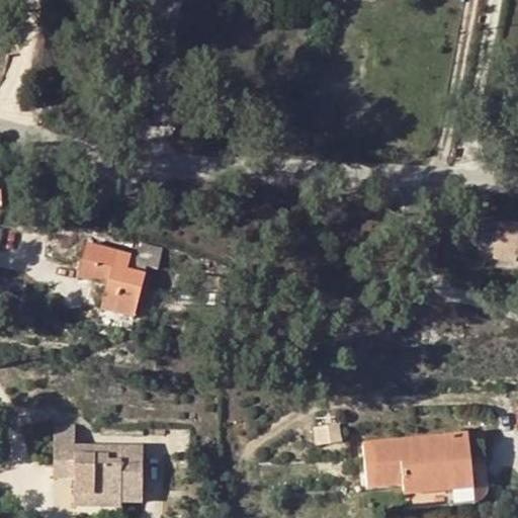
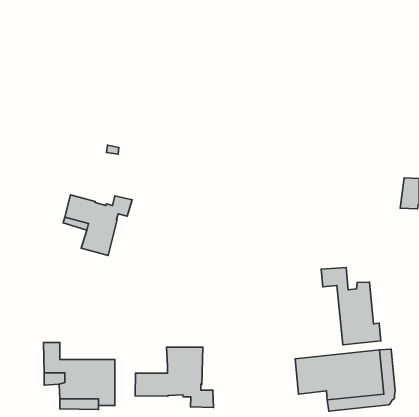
building: none -> [321,268,381,345]
building: none -> [135,347,214,407]

